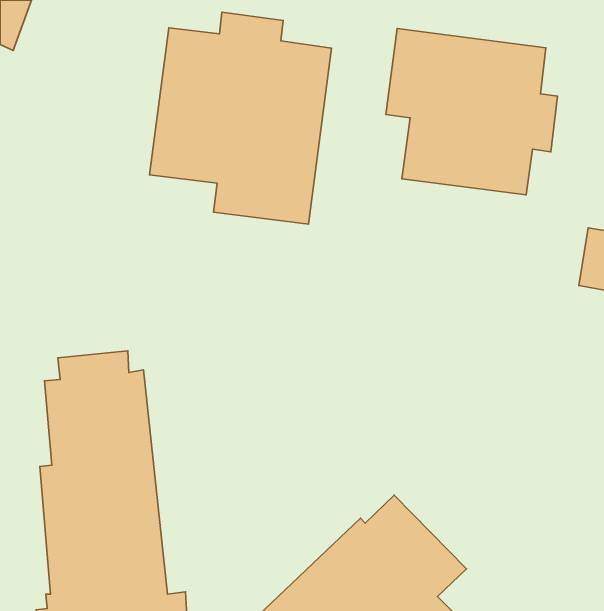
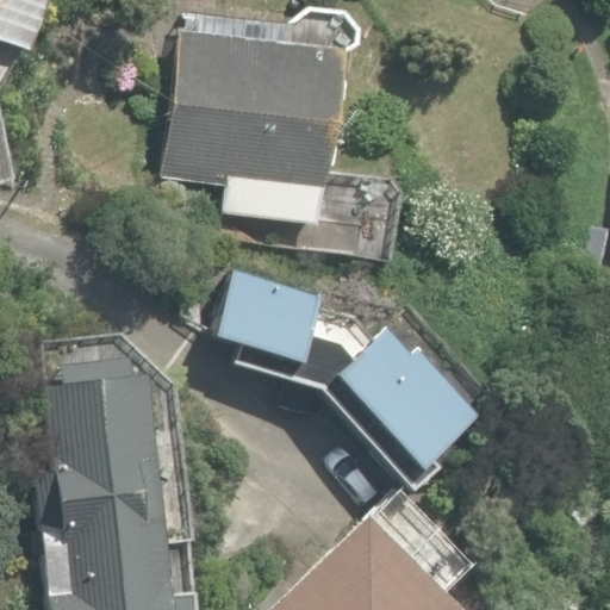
building: [386,29,558,195] -> none
building: none -> [218,268,483,492]

